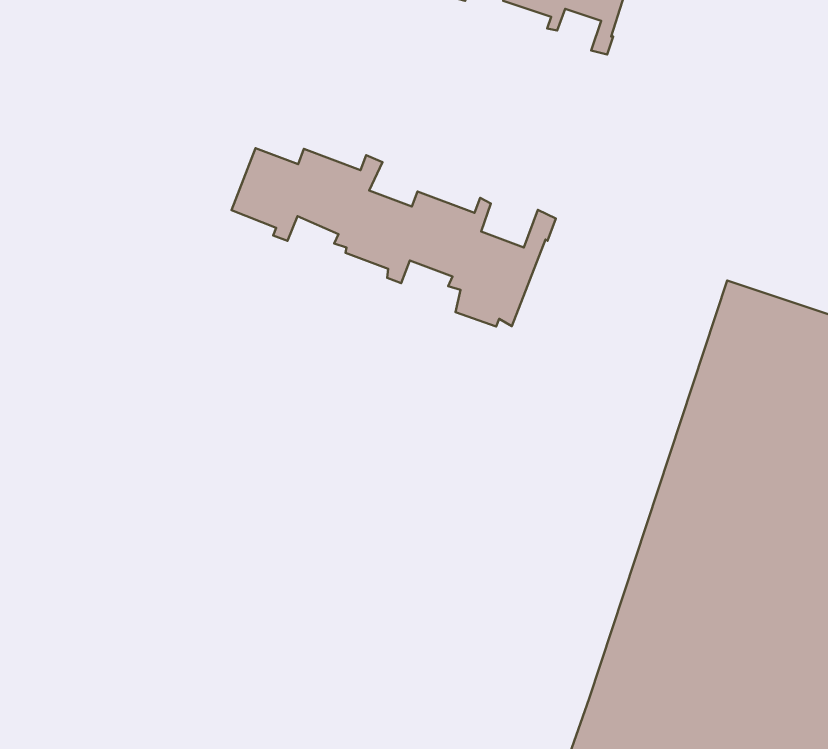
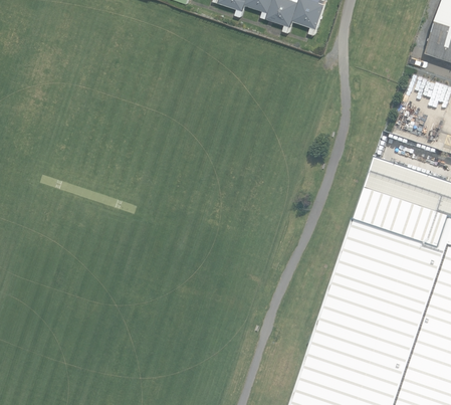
building: [232,148,556,326] -> none

